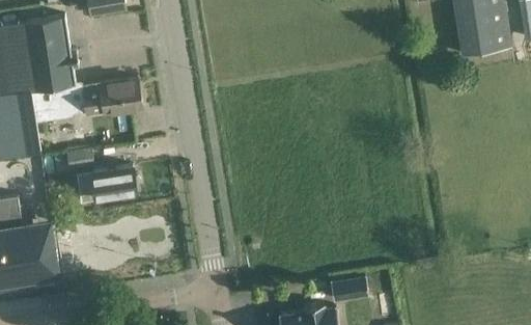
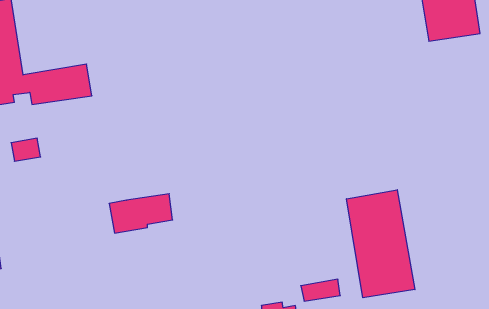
building: [75,165,135,202] -> [109,194,173,233]
building: none -> [347,190,415,298]

